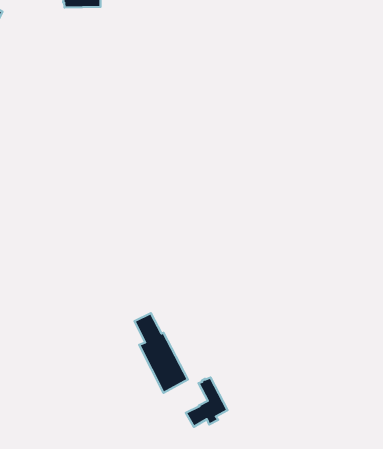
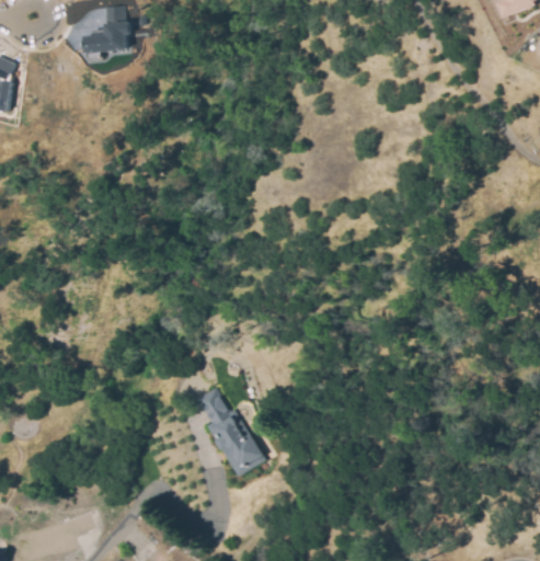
building: [186,378,227,427] -> none

